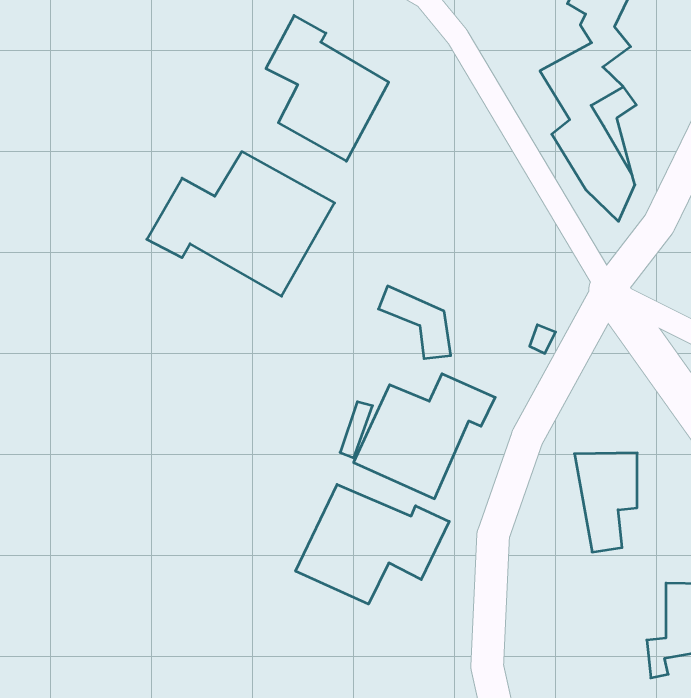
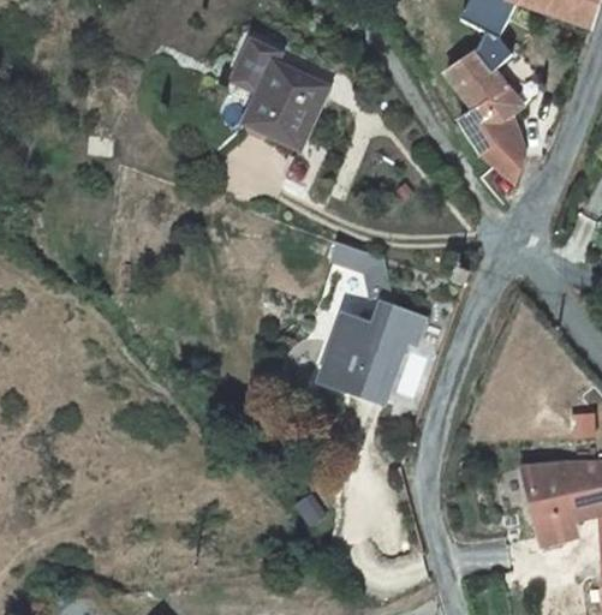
building: [147,152,335,296] -> none
building: [574,453,637,552] -> [518,458,568,536]
building: [296,484,449,604] -> none

